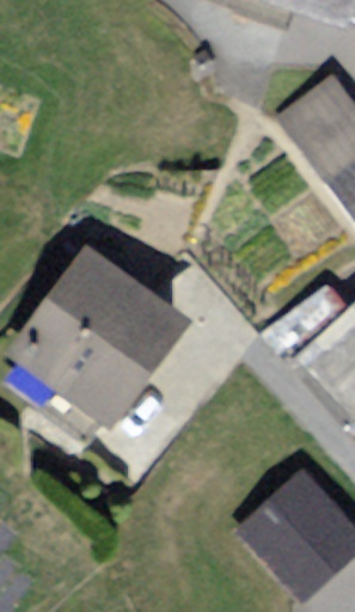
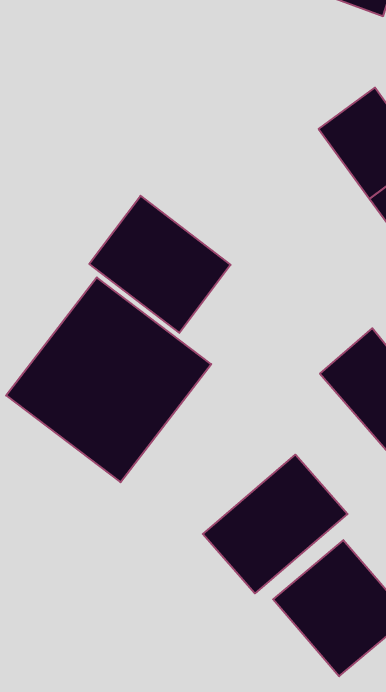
building: none -> [89,196,231,333]
building: none -> [203,455,348,593]

